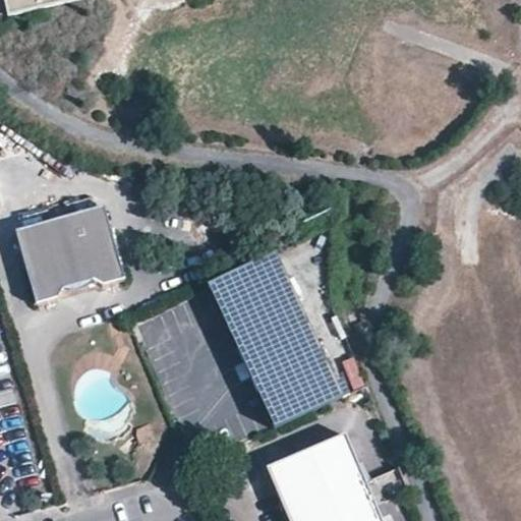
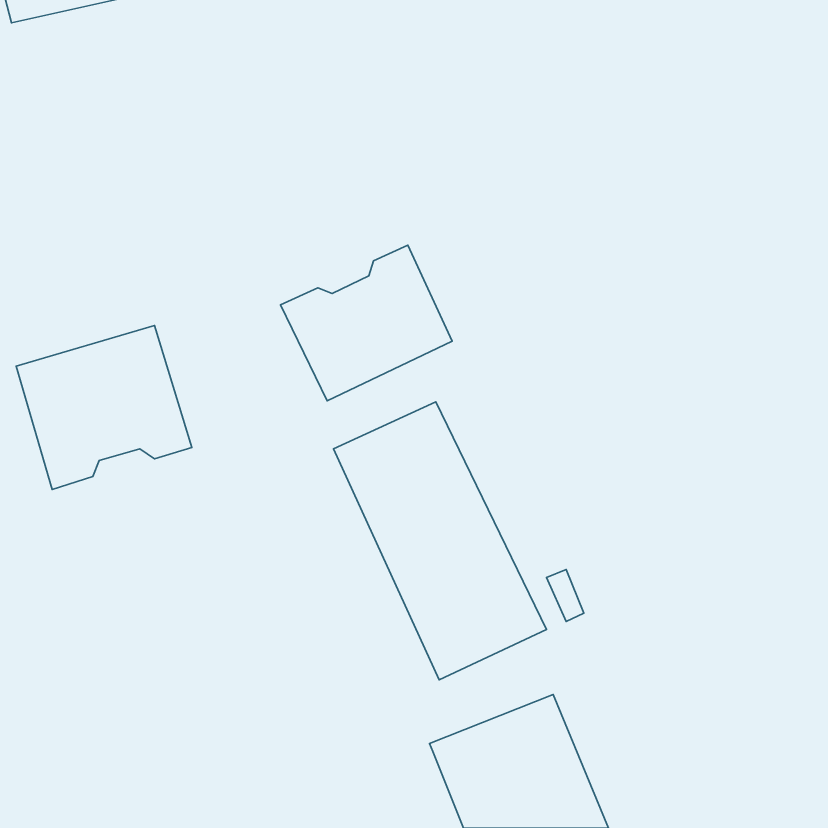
building: none -> [281,245,452,401]

